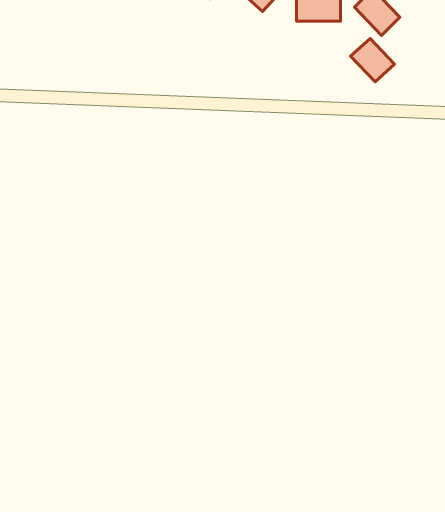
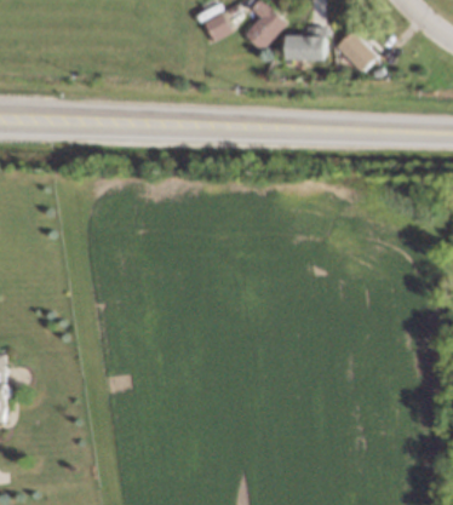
building: [351,38,394,82] -> none

